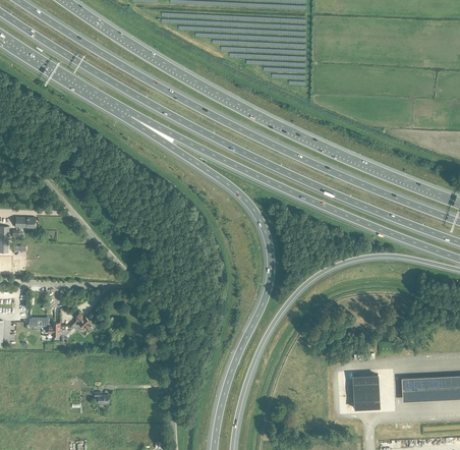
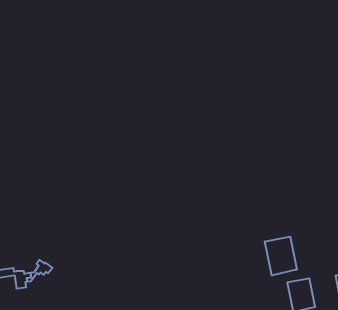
building: none -> [265,237,297,275]

